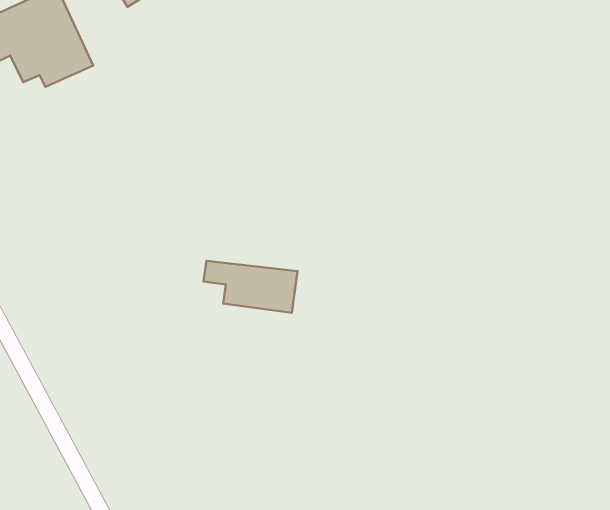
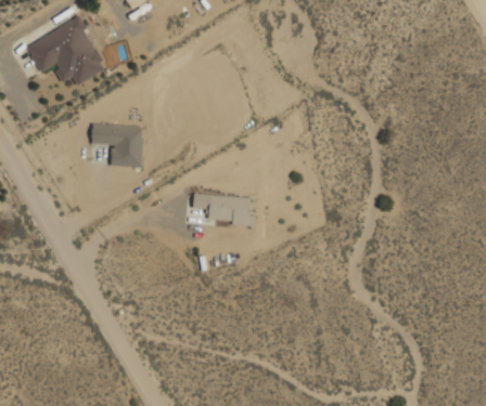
building: none -> [91,125,142,167]

